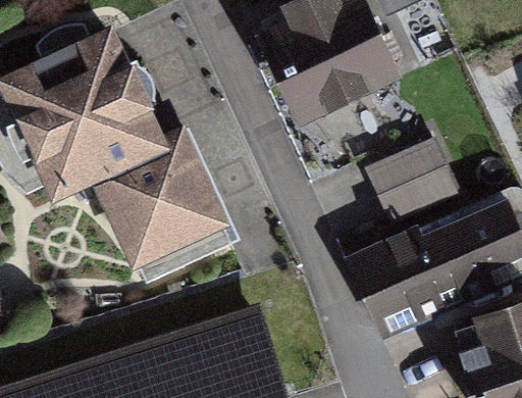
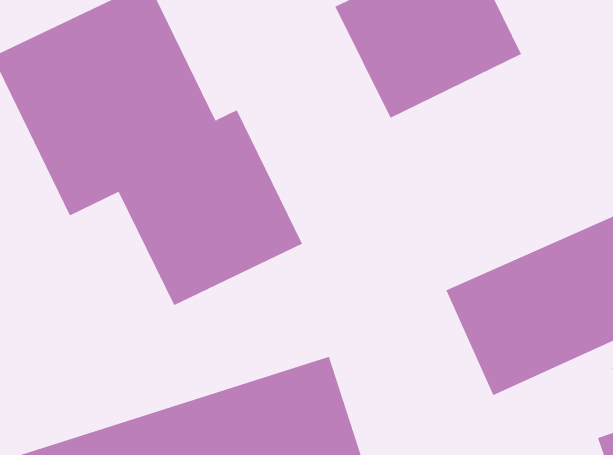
building: [363,140,464,230] -> none

